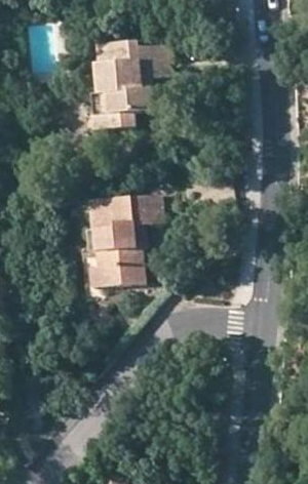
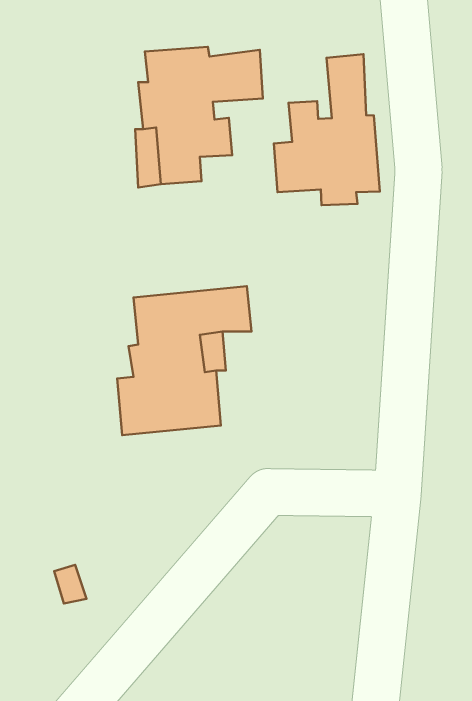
building: none -> [274,54,380,205]

